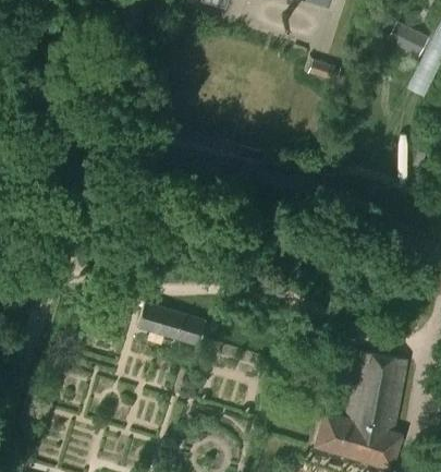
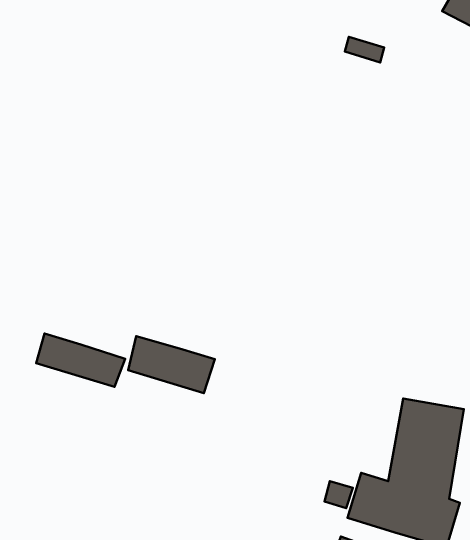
building: none -> [36,334,125,387]

